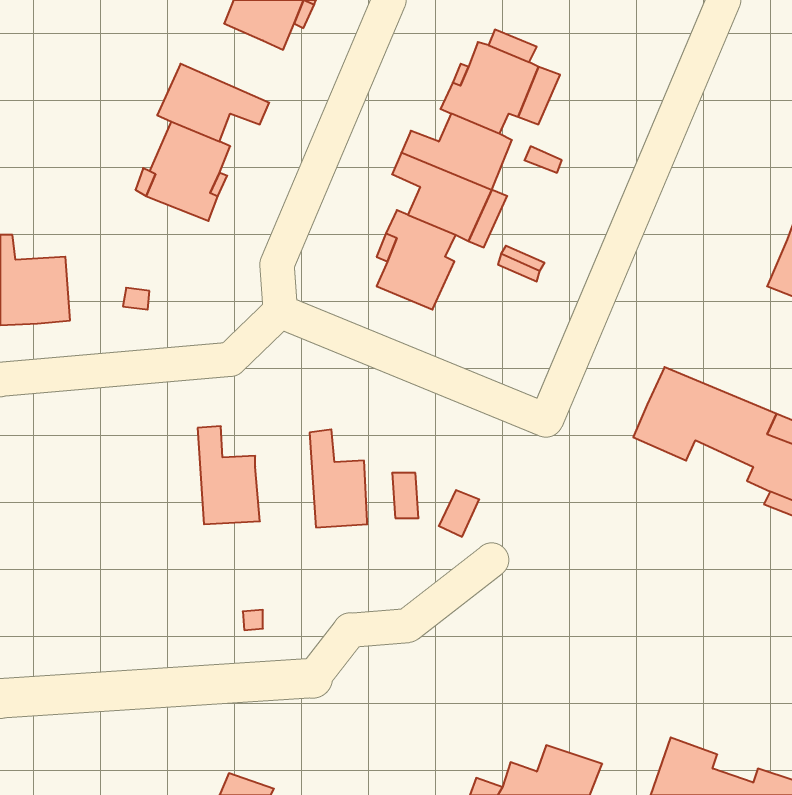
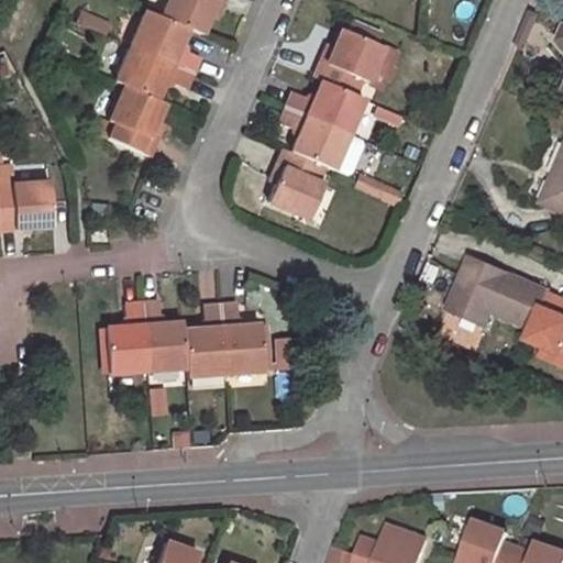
building: none -> [130,10,200,73]
building: none -> [104,302,146,373]
building: none -> [183,306,225,375]

